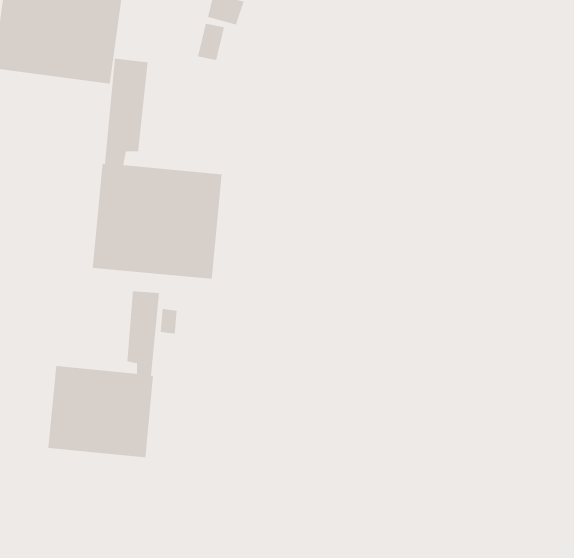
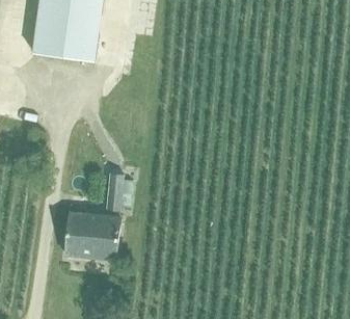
building: [92,58,222,279] -> none

